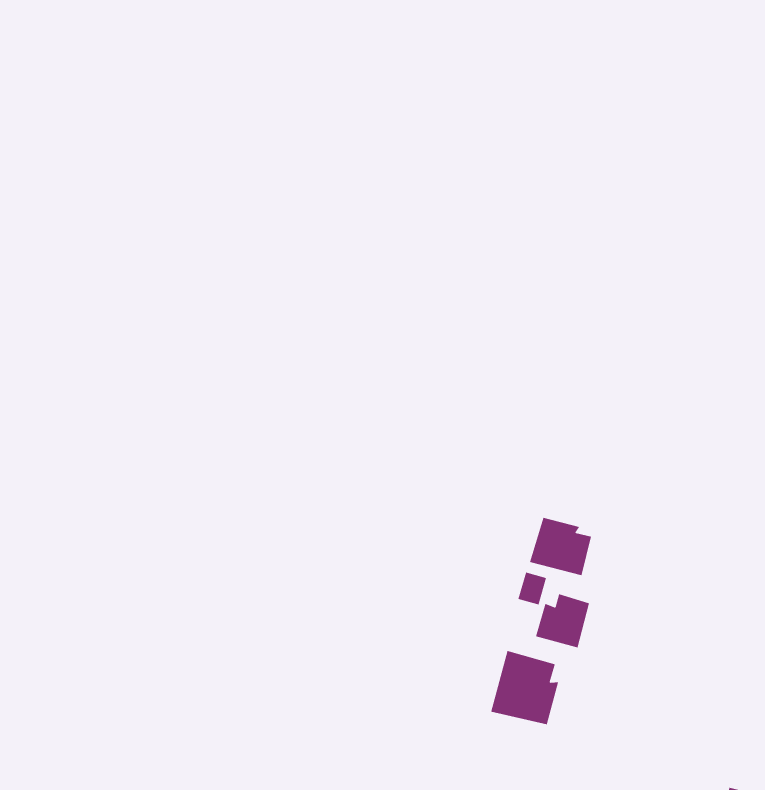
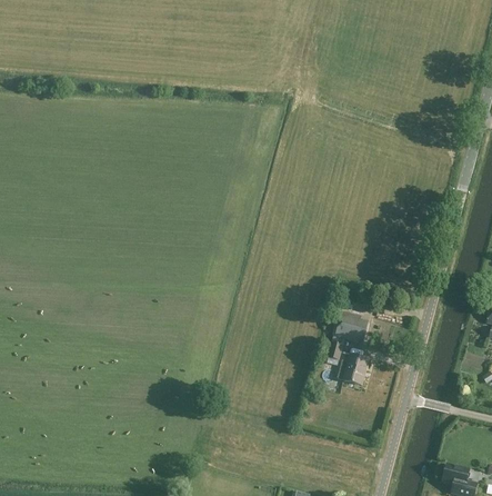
building: [490,650,559,725] -> none

